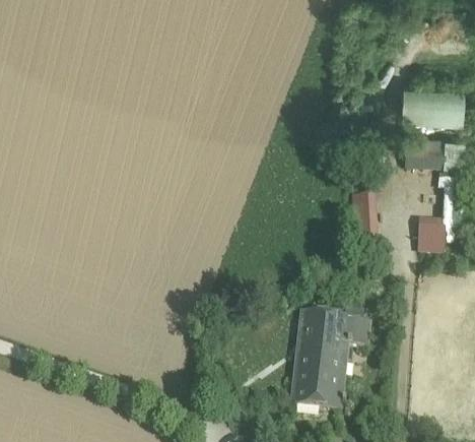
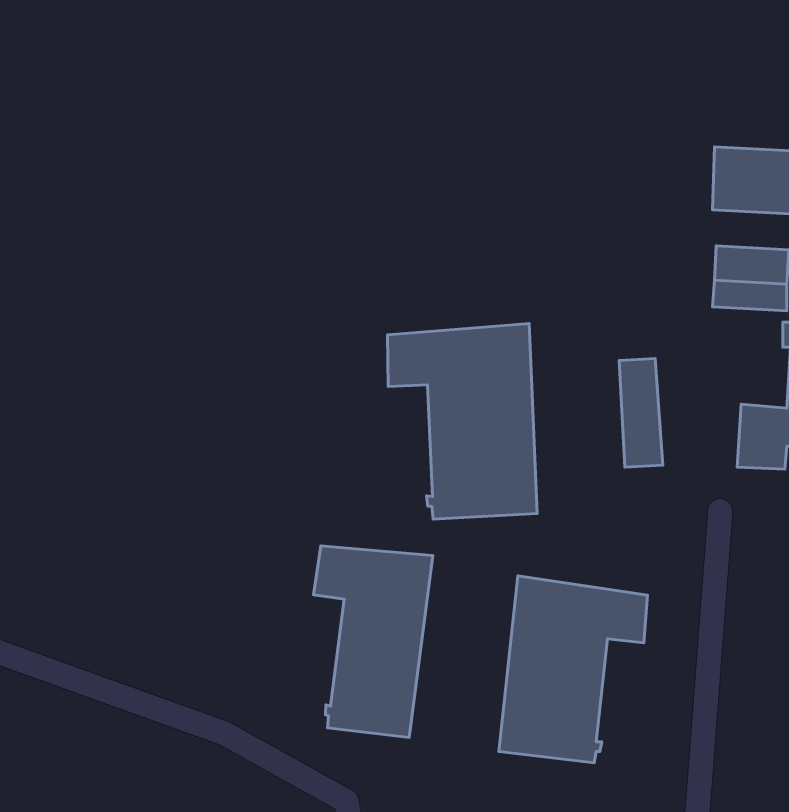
building: none -> [387,324,537,519]
building: none -> [313,546,433,738]

